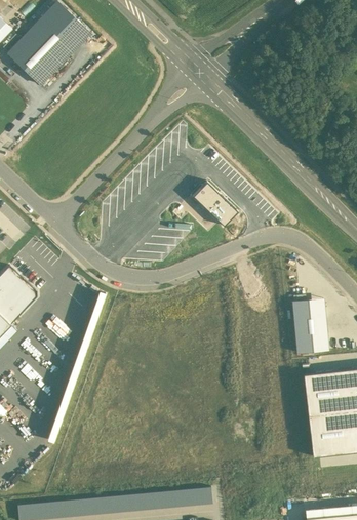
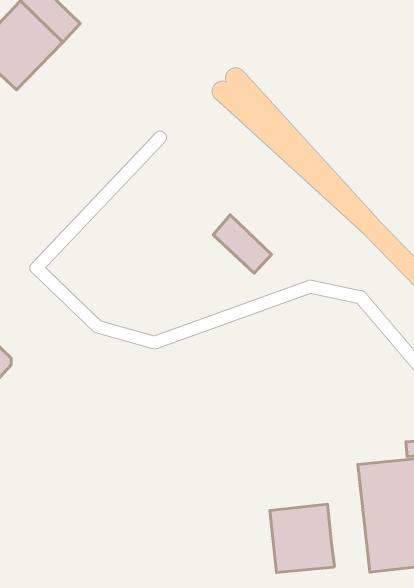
building: [290,298,328,354] -> none
building: none -> [270,504,334,573]

